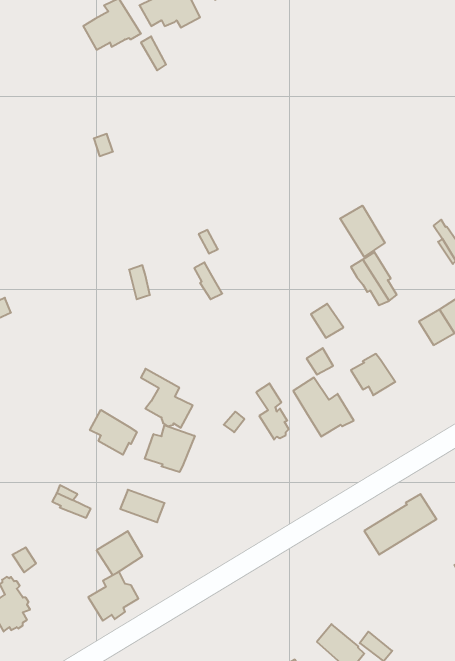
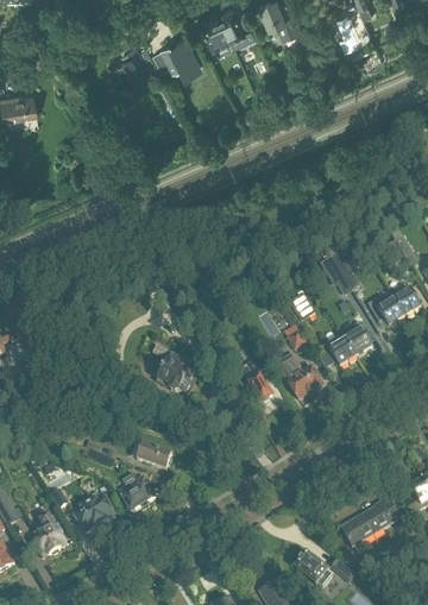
building: [340,206,385,257] -> none
building: none -> [342,322,373,355]
building: [90,410,137,455] -> none
building: [145,425,195,472] -> none
building: [364,494,437,555] -> [341,497,399,546]
building: [88,572,138,621] -> [73,492,113,531]

